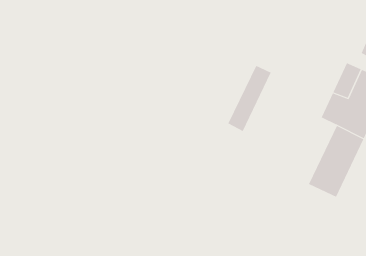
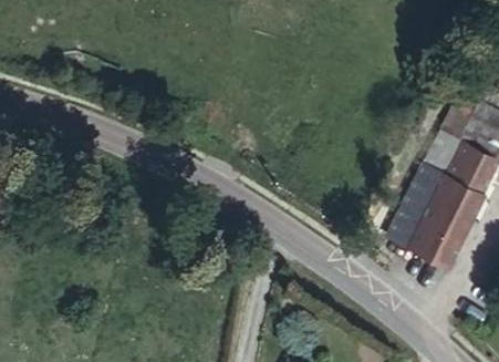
building: [227,65,272,132] -> [388,164,447,252]

